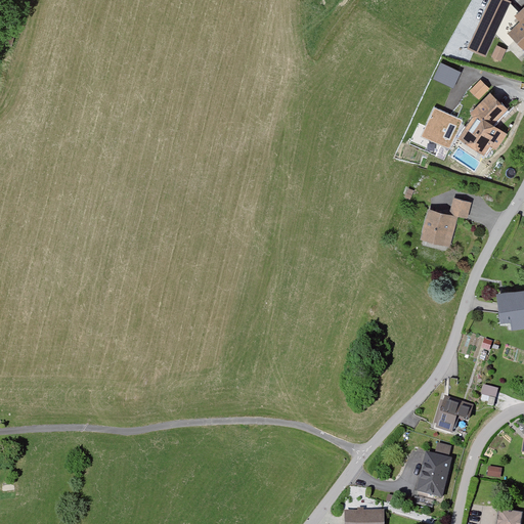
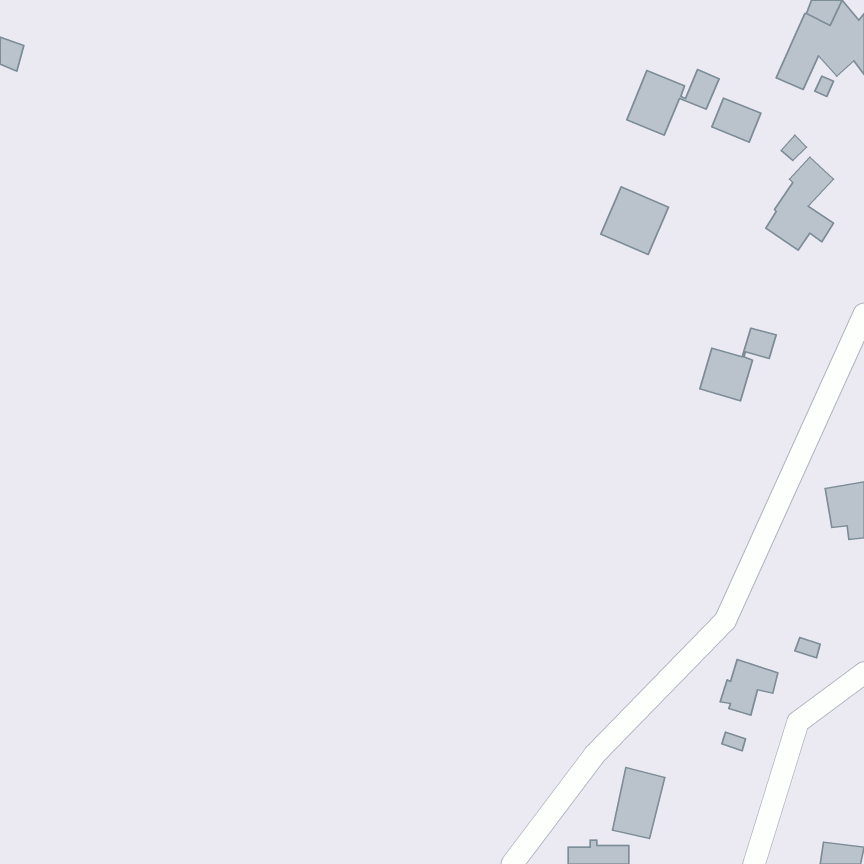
building: none -> [627,70,719,135]
building: [422,107,463,148] -> [601,187,668,254]
building: [419,453,450,496] -> [612,767,665,838]

